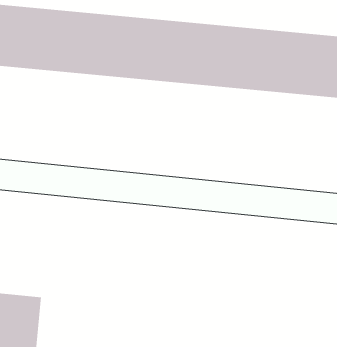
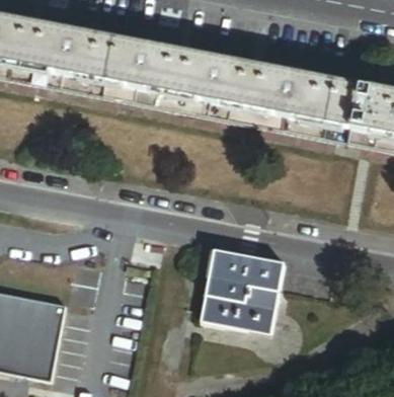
building: none -> [200,247,284,332]

